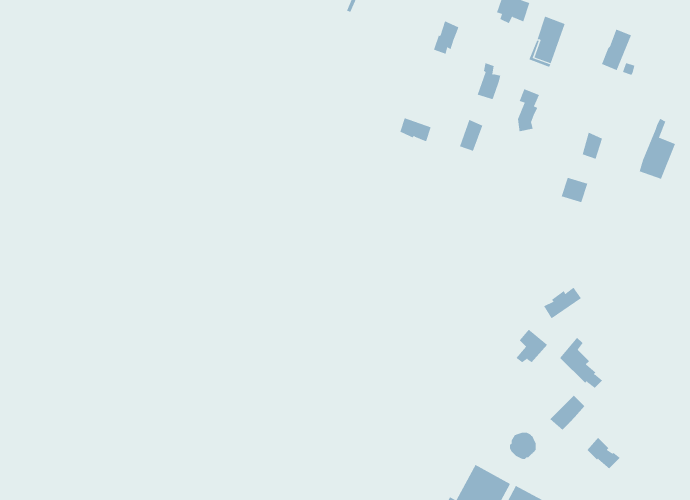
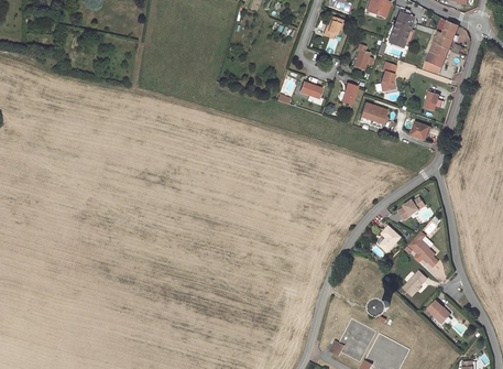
building: [639,118,676,179] -> [424,32,449,74]
building: none -> [359,102,387,128]

